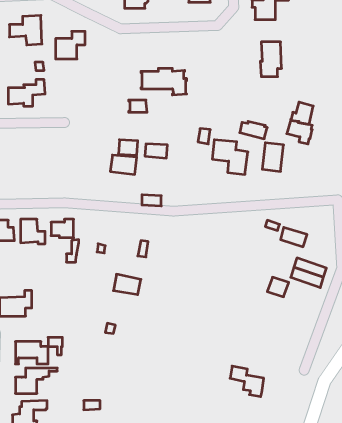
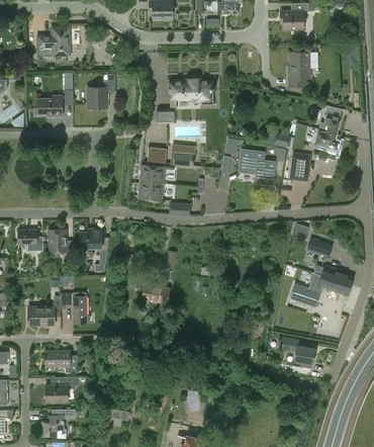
building: [56,31,85,59] -> [87,80,116,107]
building: none -> [137,181,163,200]
building: none -> [67,292,87,323]
building: [230,366,264,397] -> [281,337,314,367]

